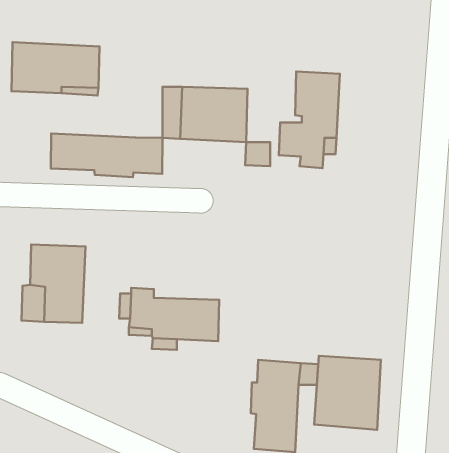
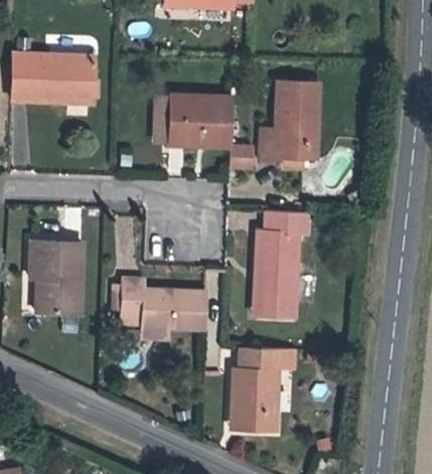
building: [51,133,163,177] -> none
building: none -> [256,211,308,316]
building: [314,356,381,430] -> none

